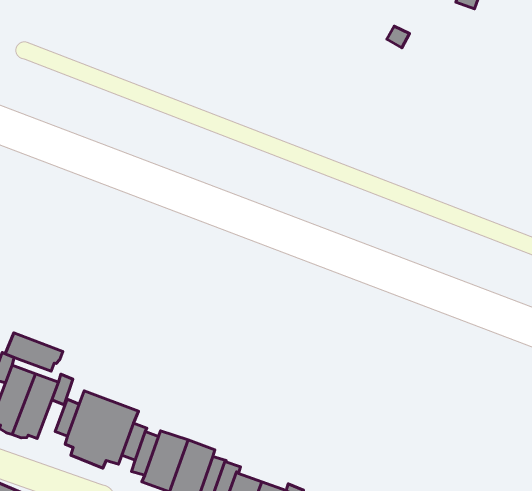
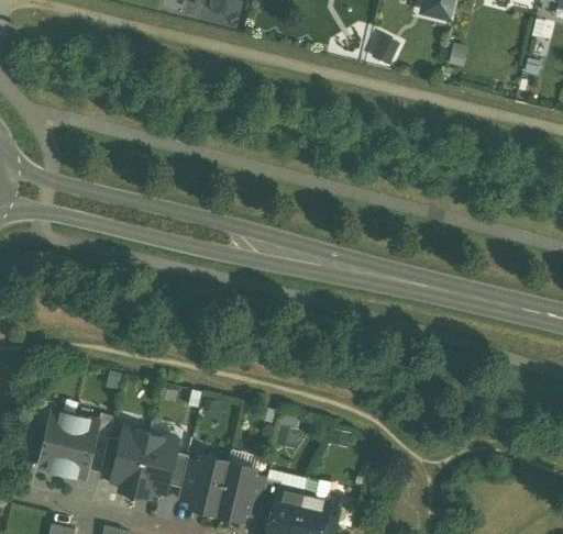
building: [5,333,63,371] -> none

